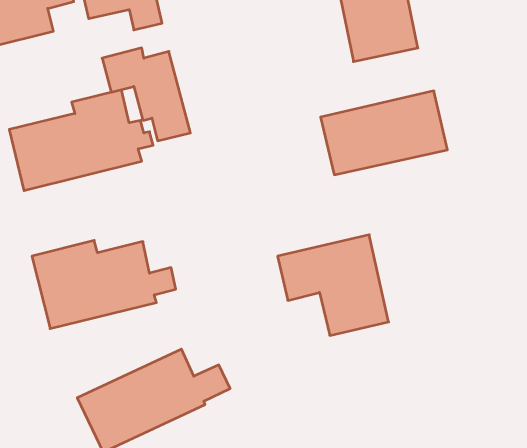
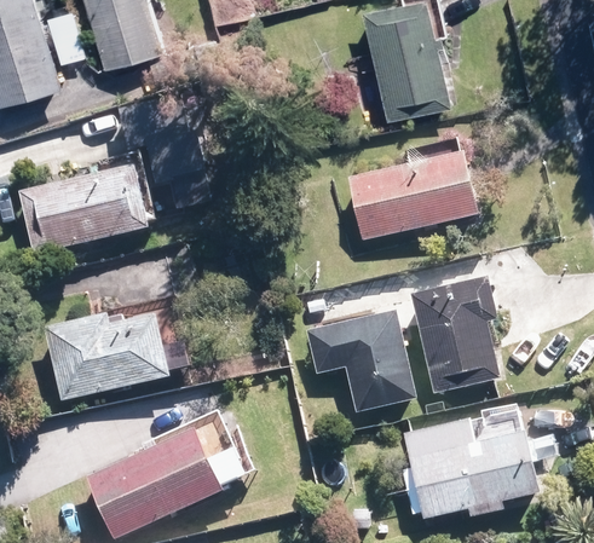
building: none -> [409,277,501,392]
building: none -> [398,418,542,520]

